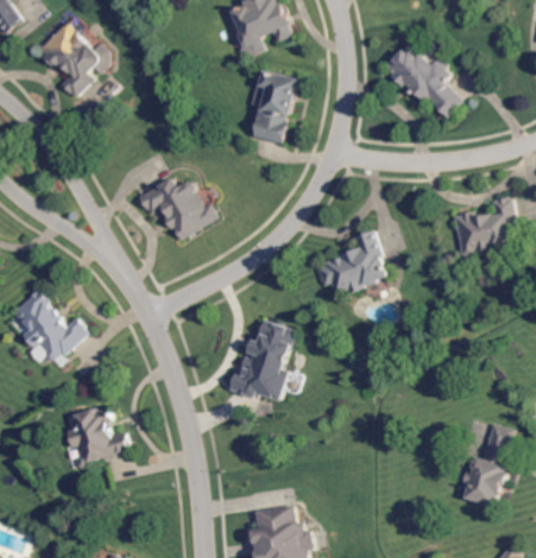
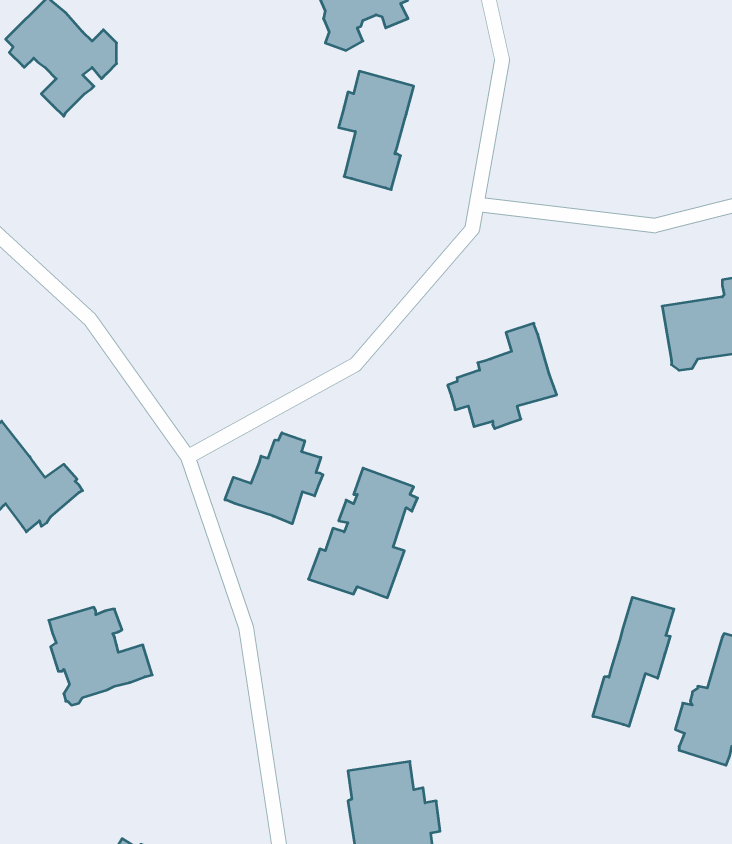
building: [384,42,461,118] -> none
building: [135,178,216,241] -> none
building: none -> [225,433,323,524]
building: none -> [593,597,674,726]

